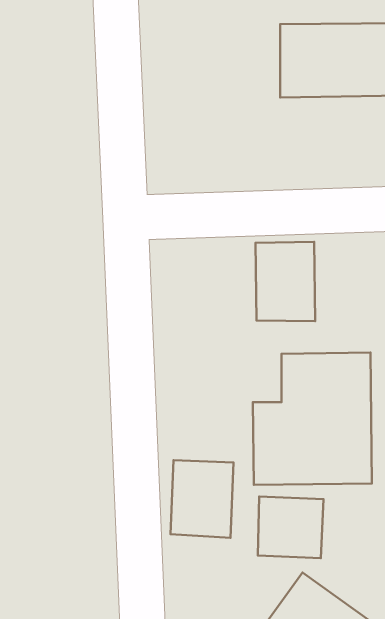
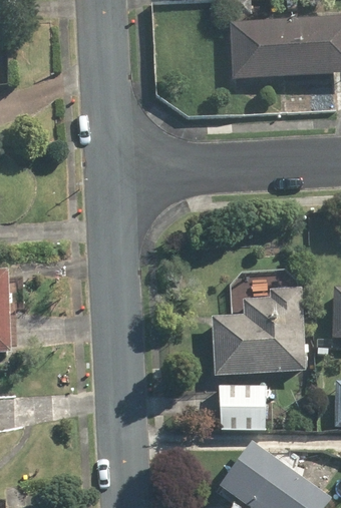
building: [256,242,315,321] -> none
building: [171,460,234,538] -> none

